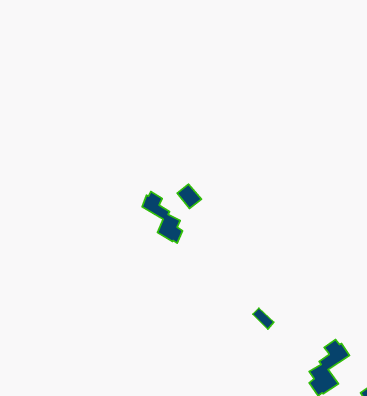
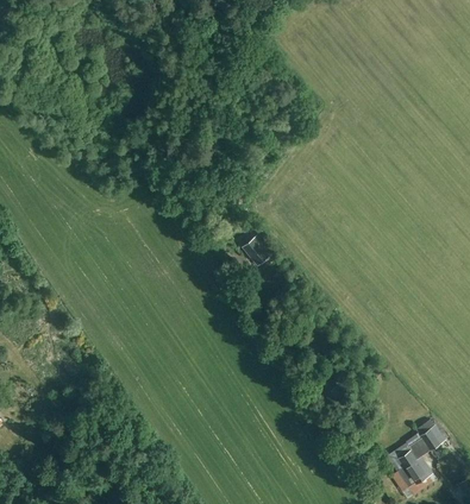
building: [142,191,182,243] -> none

